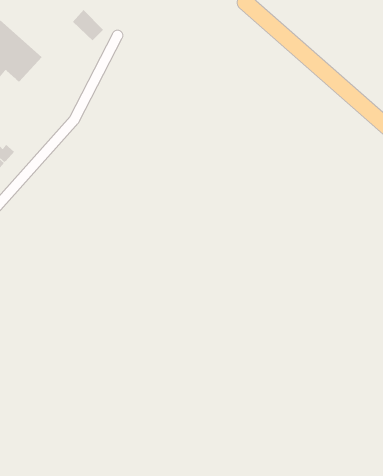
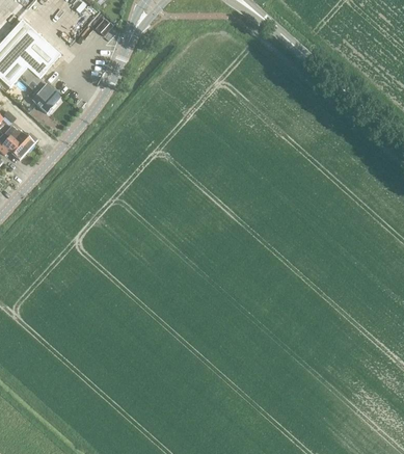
building: none -> [31,74,60,112]

